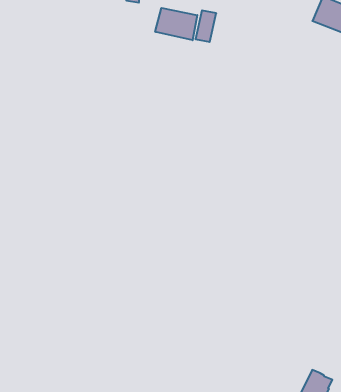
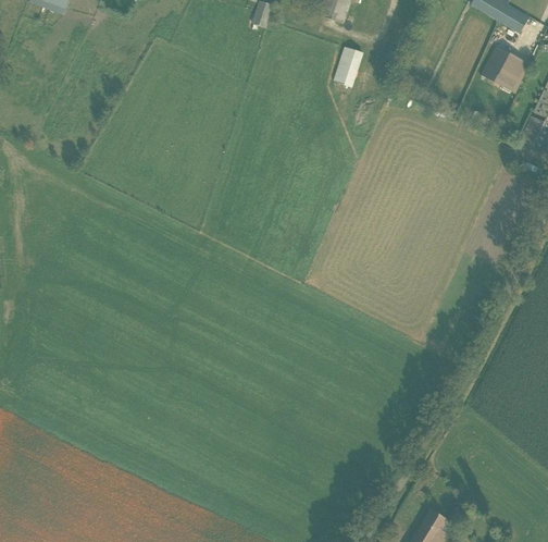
building: [155,8,197,40] -> none

